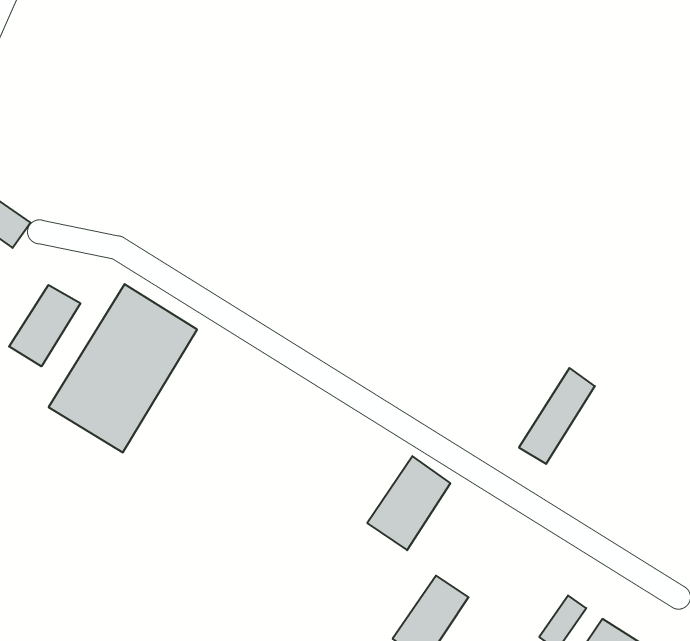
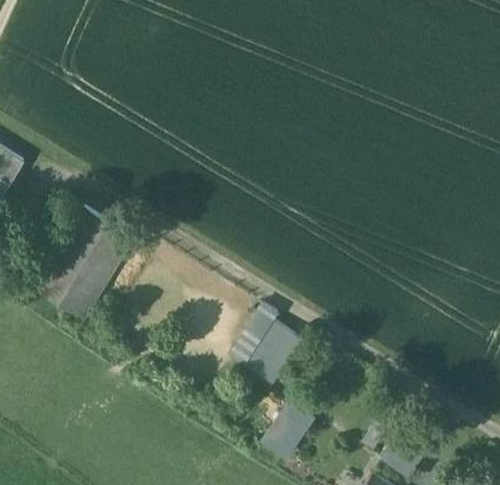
building: [9,285,80,366] -> none
building: [519,368,595,464] -> [228,300,279,364]

